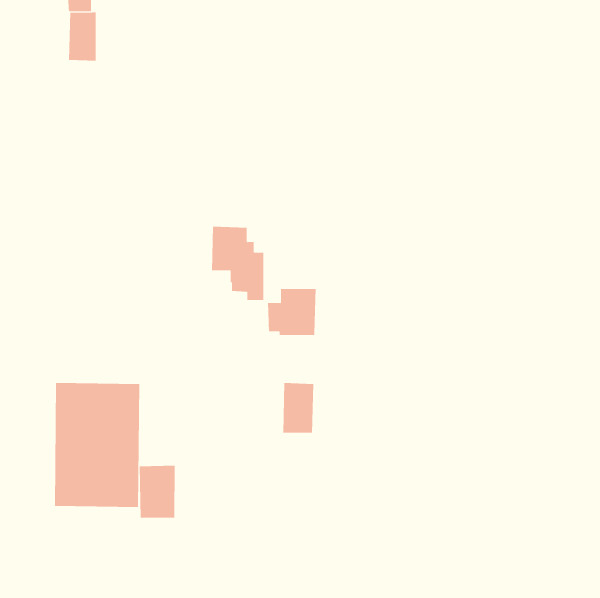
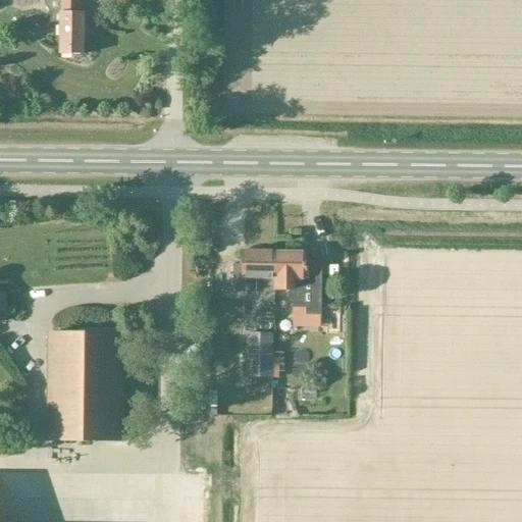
building: [211,226,264,300] -> [273,250,319,314]
building: [139,465,175,519] -> none

